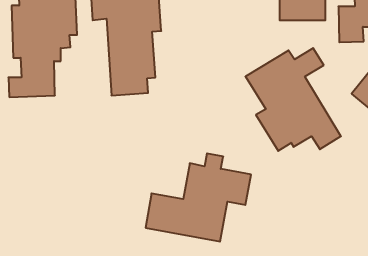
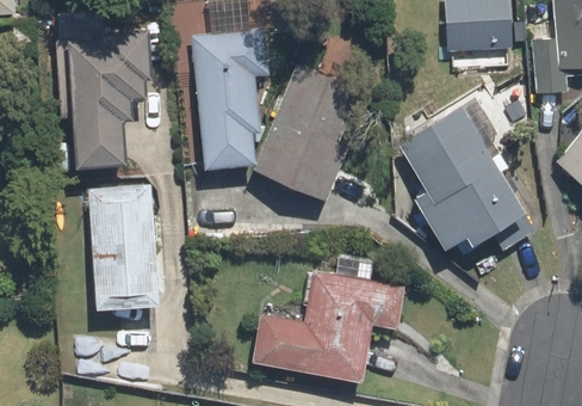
building: none -> [255,64,371,202]
building: none -> [82,185,153,307]

